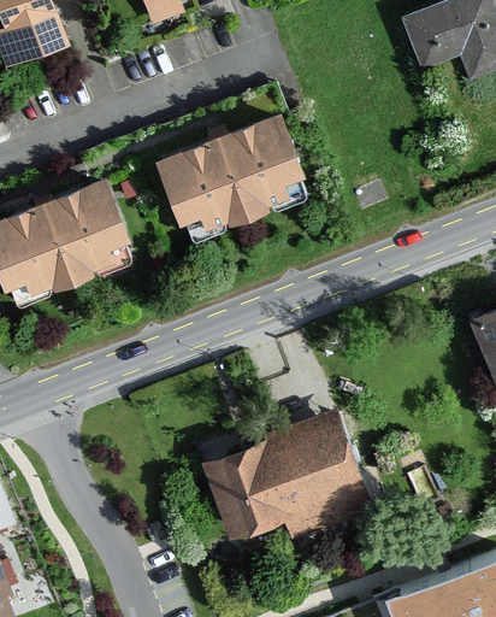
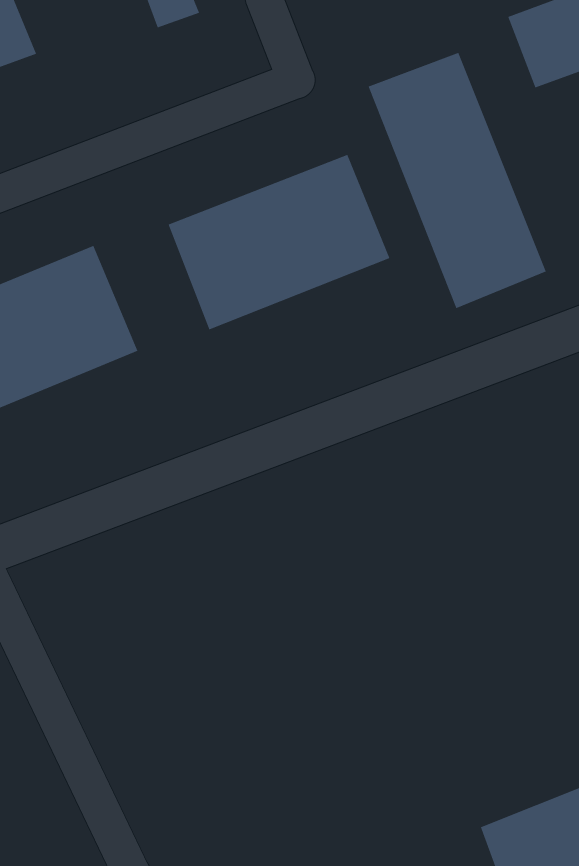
building: none -> [368,52,547,309]
building: [197,410,372,540] -> none

